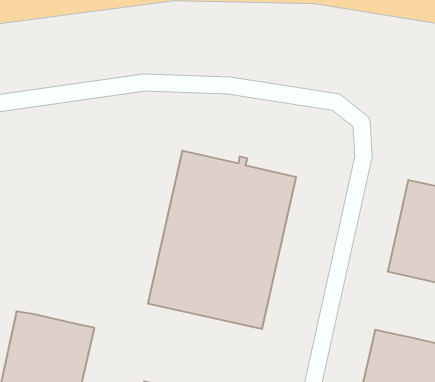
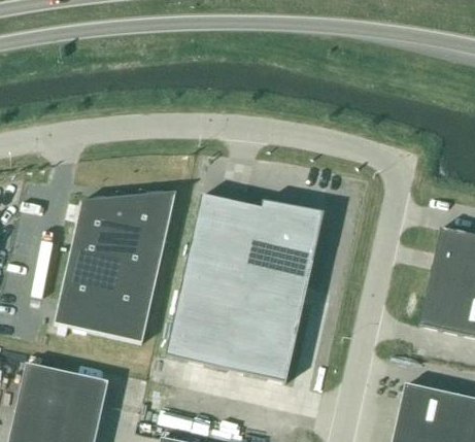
building: none -> [55,189,176,342]

